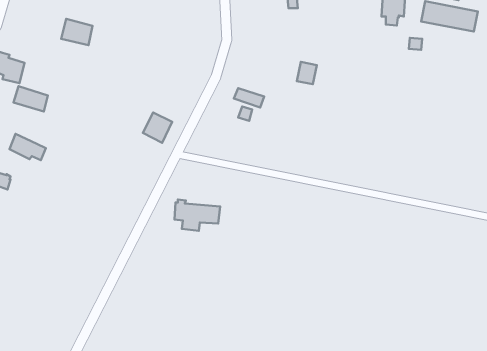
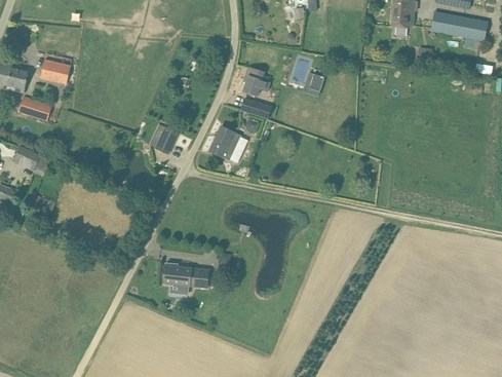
building: [61,19,92,45] -> [39,58,71,84]
building: none -> [242,67,269,96]
building: none -> [208,125,247,162]
building: [175,199,220,231] -> [162,262,208,294]

